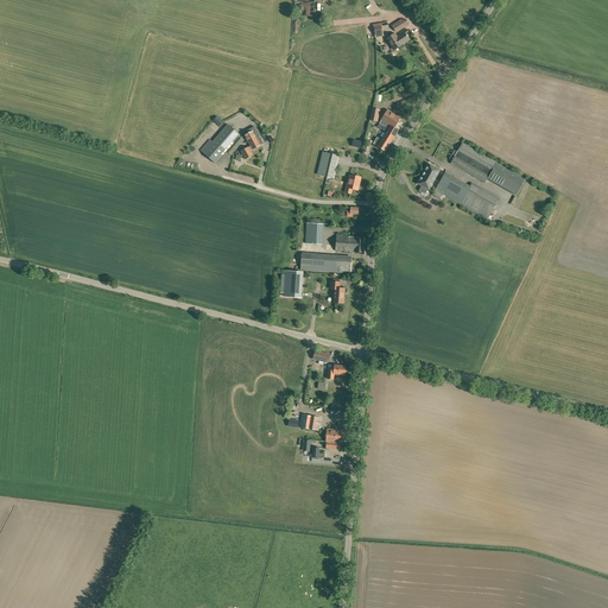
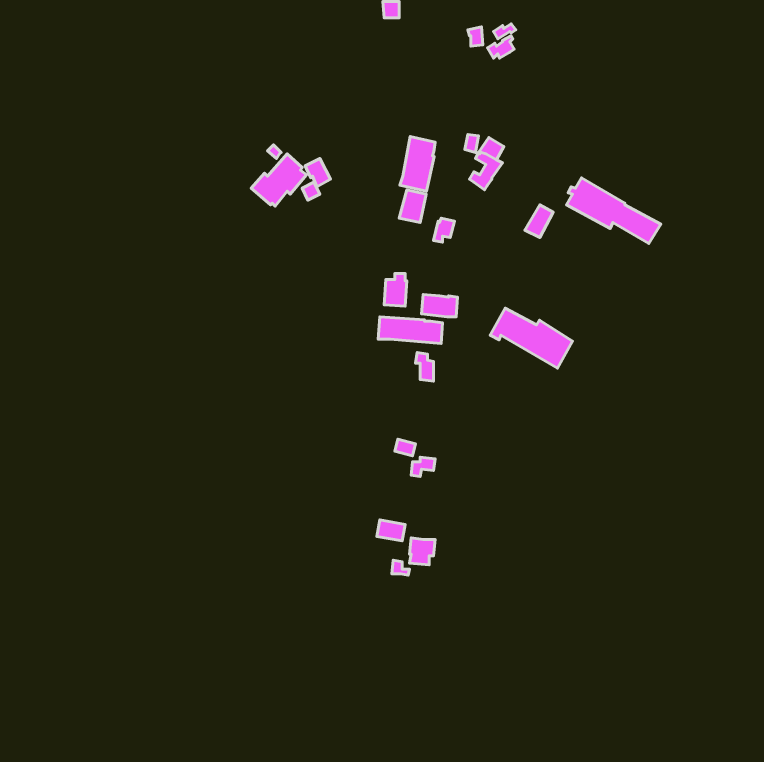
building: none -> [400,137,435,191]
building: [433,171,499,218] -> [490,308,572,368]
building: [280,270,304,297] -> none

